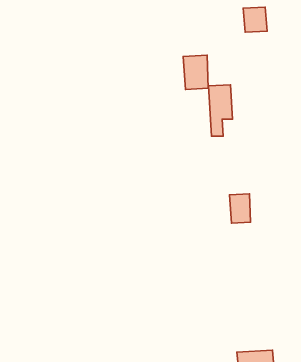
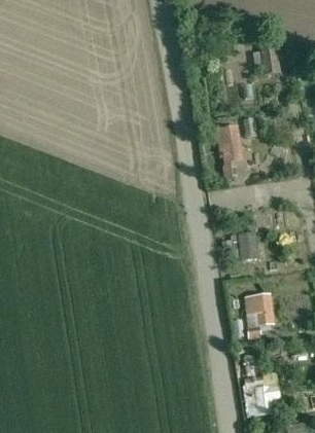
building: [183,55,208,89] -> none
building: none -> [244,294,274,327]

